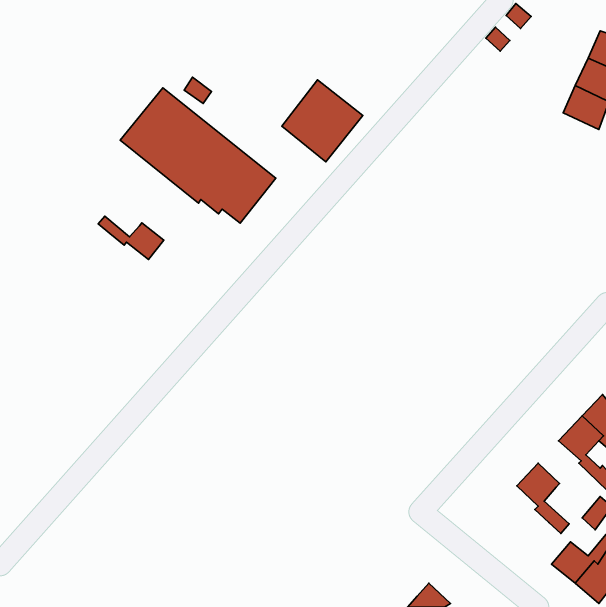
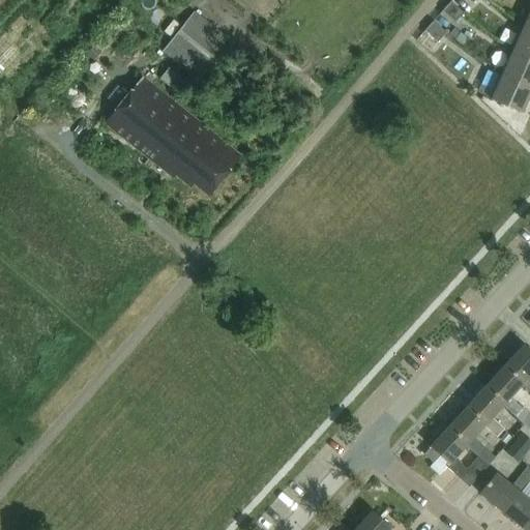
building: [282,80,363,162] -> [164,10,234,82]
building: [98,216,164,260] -> none
building: none -> [470,384,507,437]
building: none -> [425,423,490,485]

